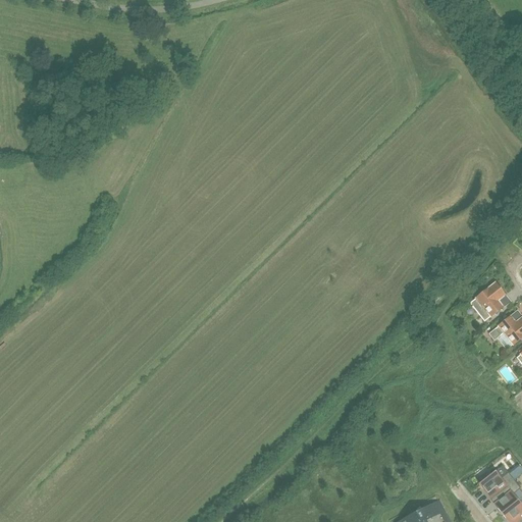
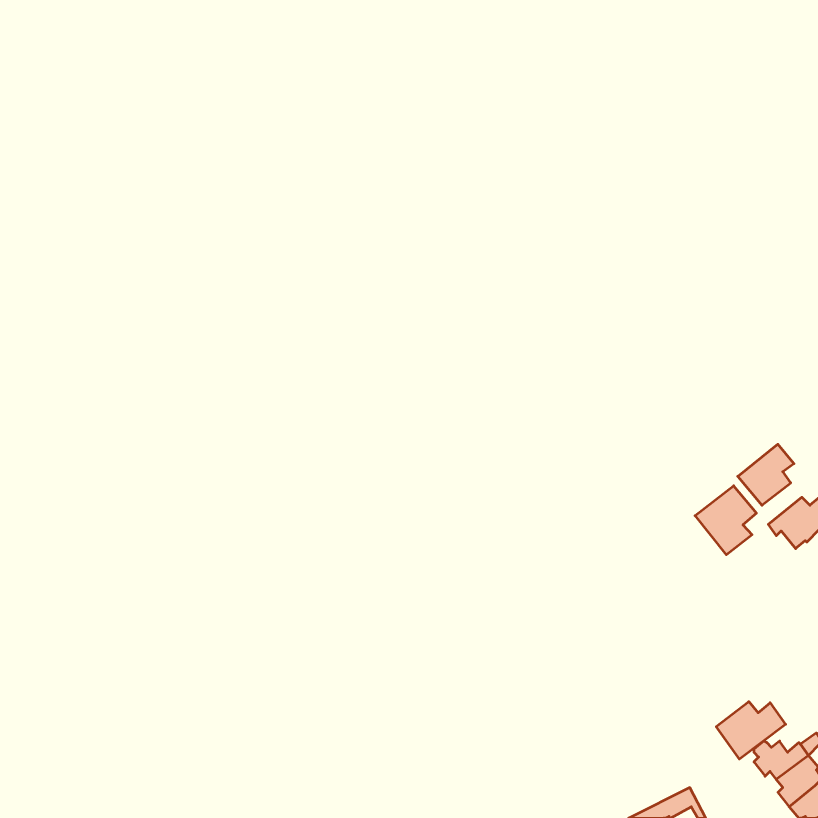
building: none -> [695,486,756,555]
building: none -> [716,702,786,759]

